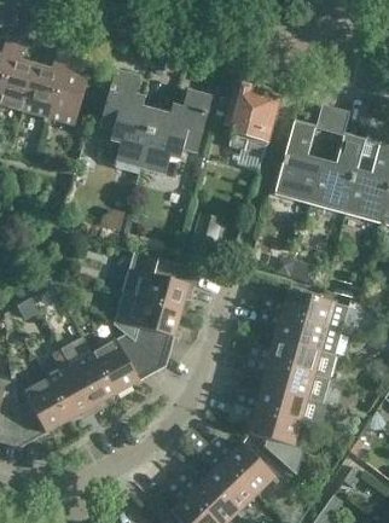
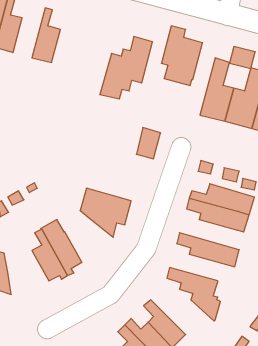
building: [23,47,66,117] -> none
building: [99,69,156,167] -> none
building: [122,252,199,310] -> none
building: [93,335,158,394] -> none
building: [248,336,335,377] -> none
building: [16,378,71,437] -> none
building: [234,383,325,426] -> none
building: [209,436,278,492] -> none

